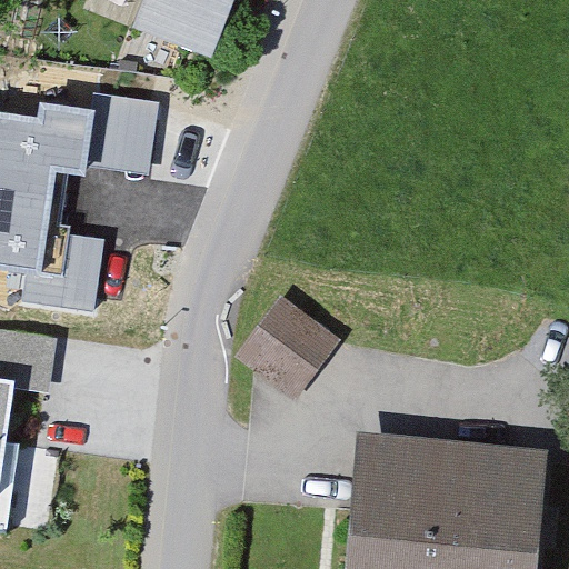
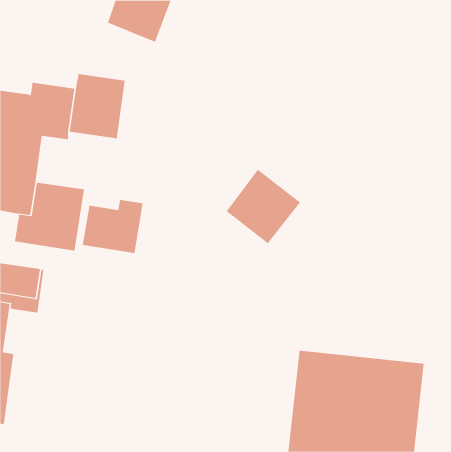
building: none -> [82,199,143,254]
building: [241,299,336,393] -> [226,169,301,244]

